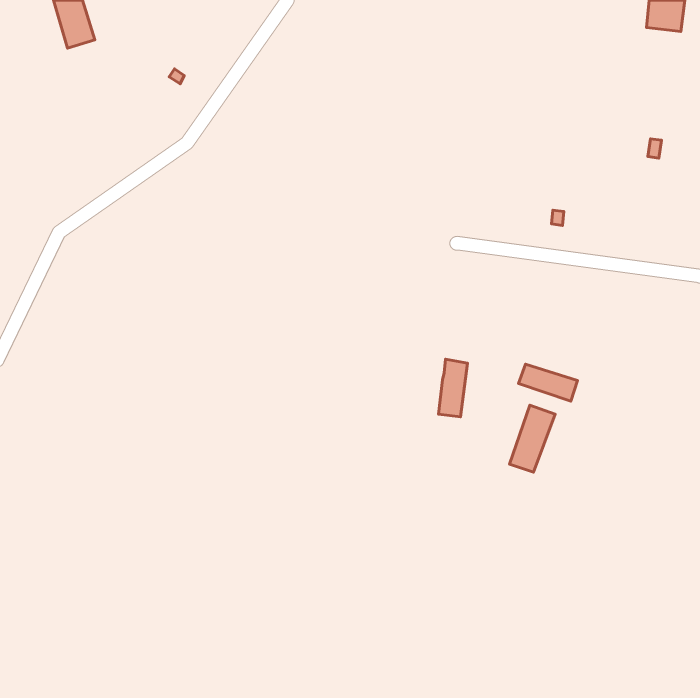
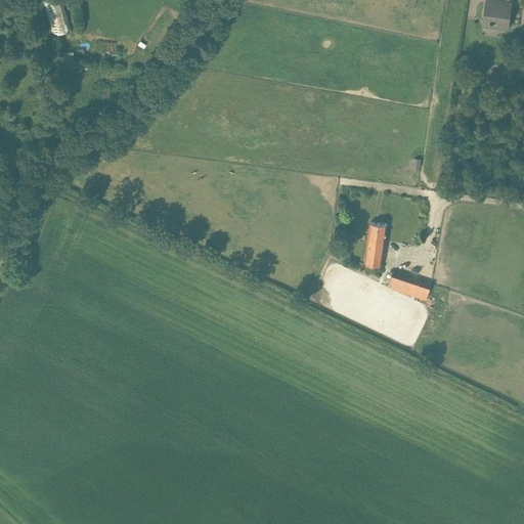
building: [439,359,467,417] -> [363,224,385,267]
building: [510,405,555,472] -> none

